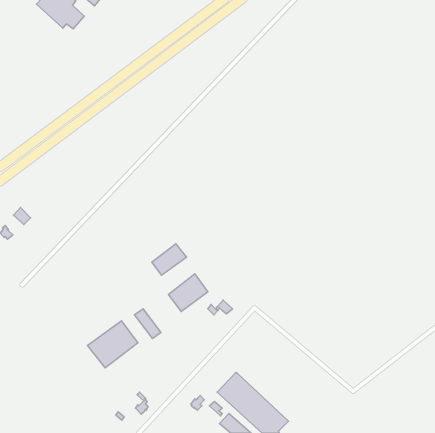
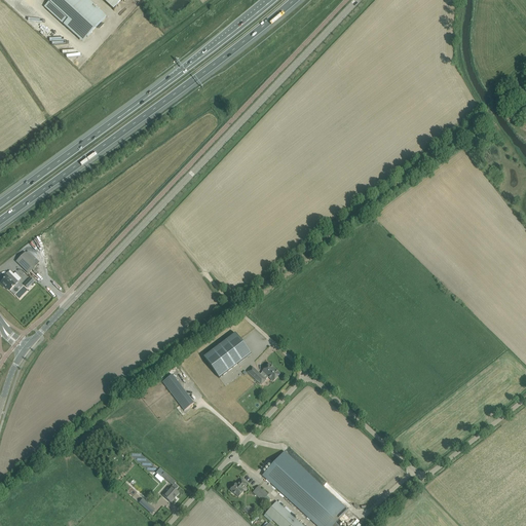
building: [152,244,186,275] -> none
building: [87,321,138,368] -> none

